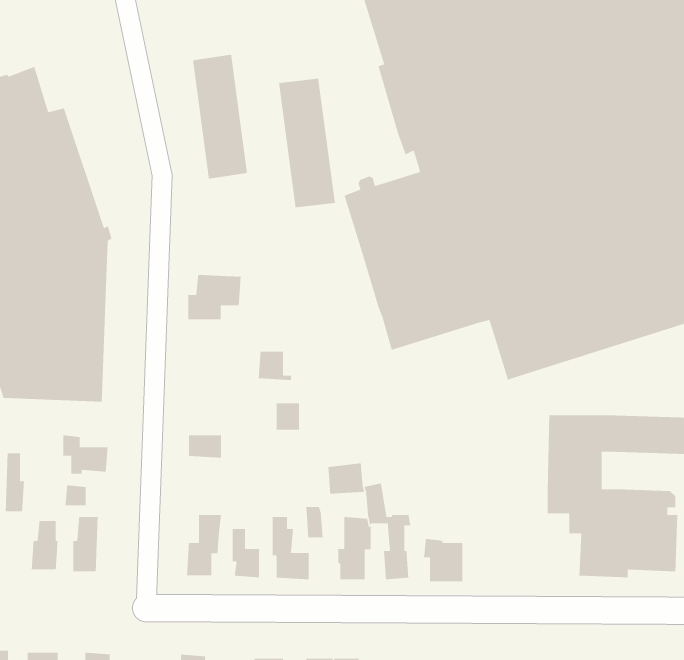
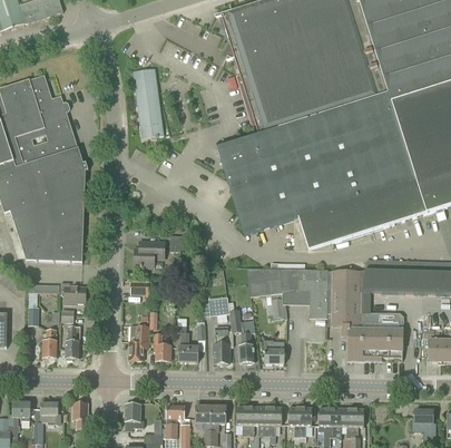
building: [278,78,336,208] -> none
building: [188,274,241,320] -> [135,241,165,266]
building: none -> [246,267,327,318]

